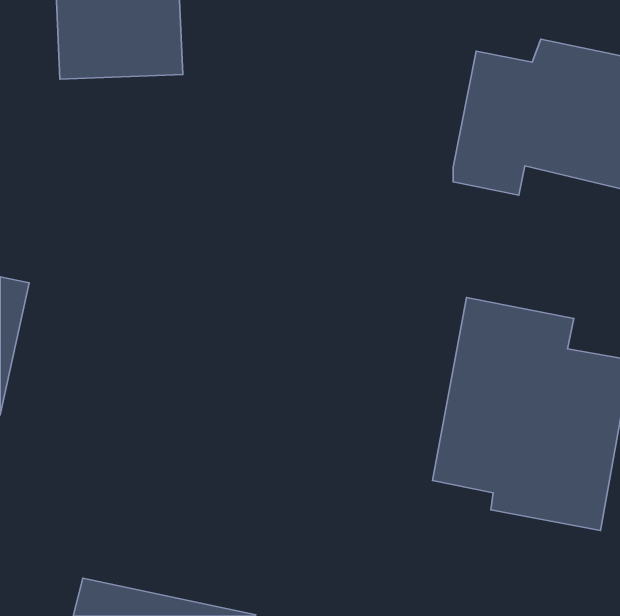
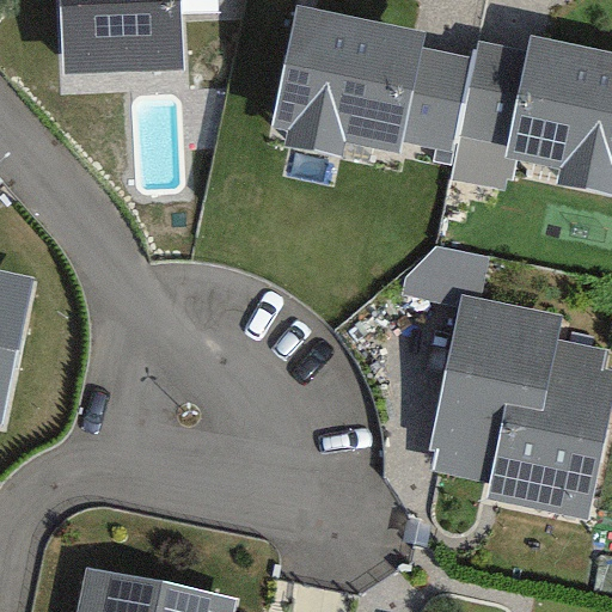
building: none -> [271,16,470,164]

